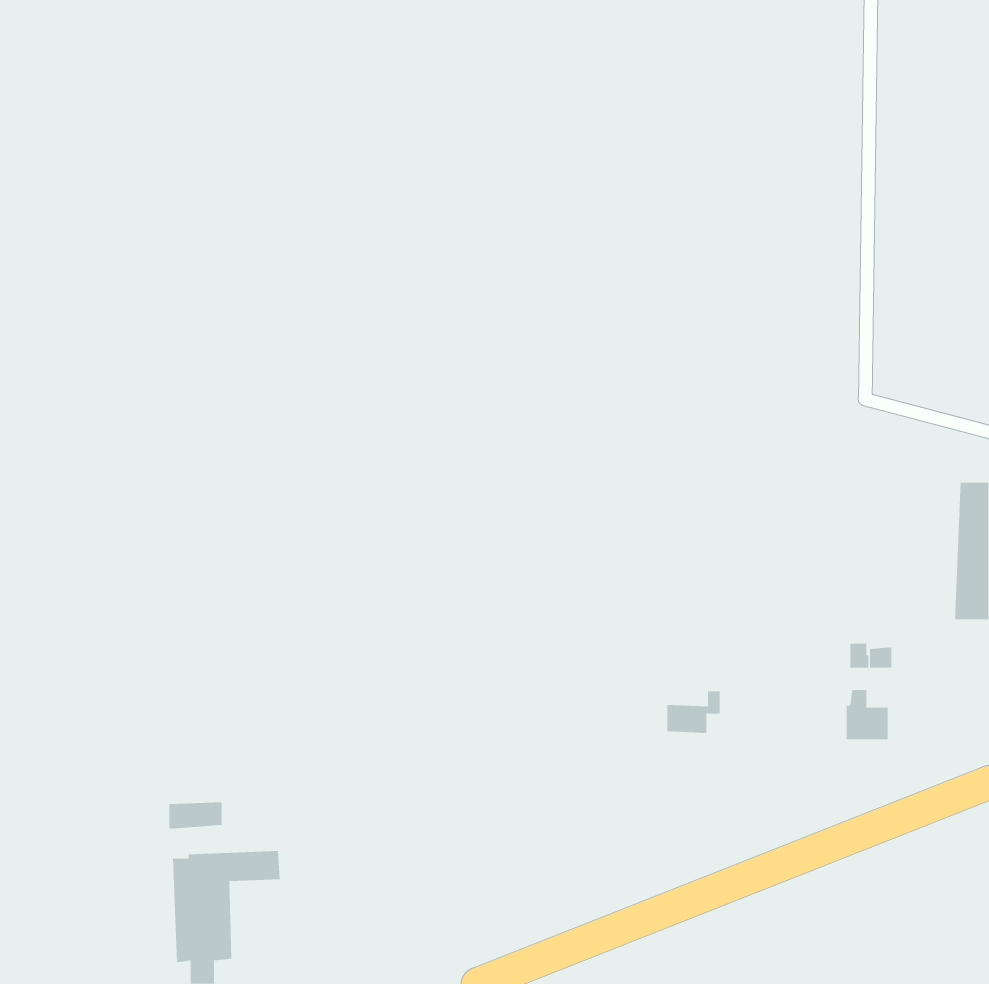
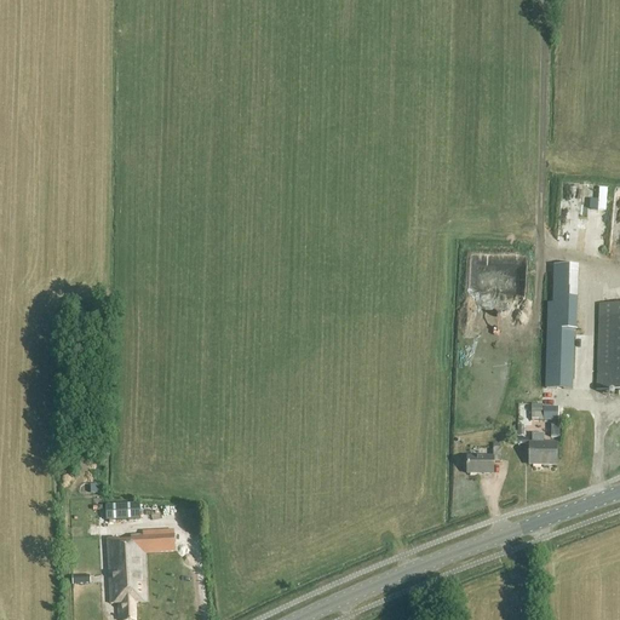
building: none -> [546,271,579,386]
building: [666,691,721,733] -> [467,446,501,472]

